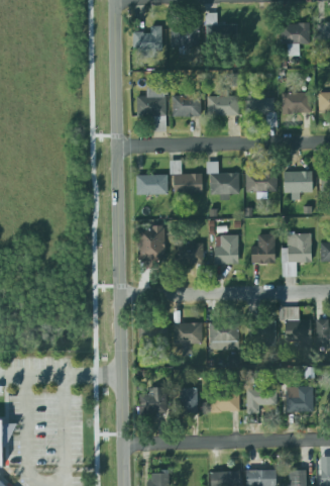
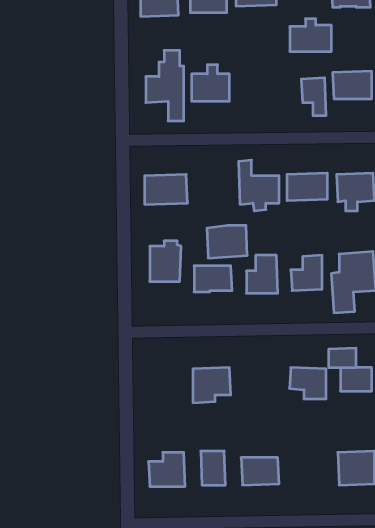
building: [207,90,239,115] -> [290,19,331,51]
building: [173,171,204,196] -> [207,225,247,258]
building: [209,320,239,350] -> none
building: [246,388,277,413] -> none

